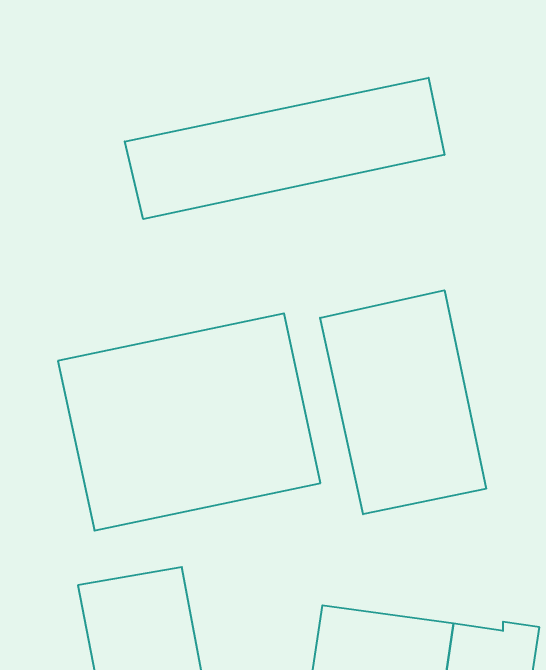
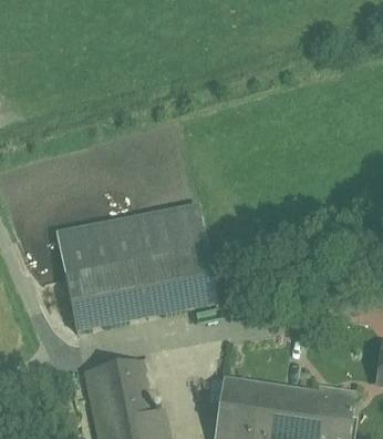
building: [125,78,444,219] -> none
building: [320,290,486,514] -> none

